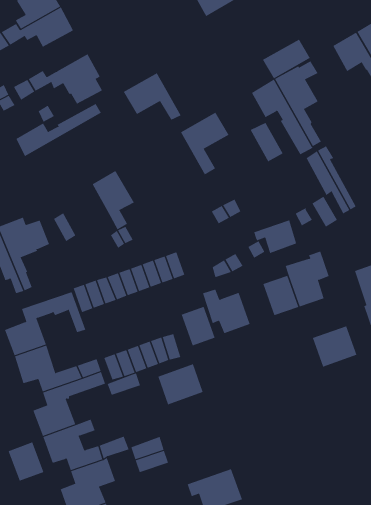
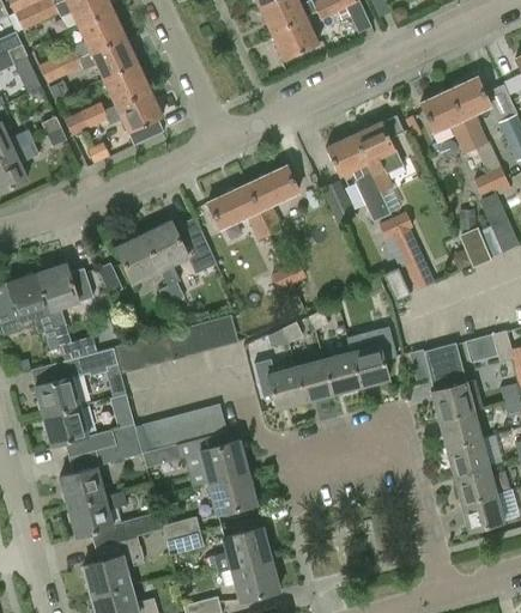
building: none -> [102,63,151,107]
building: [262,39,311,79] -> none
building: [123,73,181,121] -> [206,184,268,238]
building: [15,103,102,157] -> none
building: none -> [180,217,216,273]
building: none -> [115,233,160,284]
building: [253,220,297,254] -> none
building: [181,306,216,346] -> [296,358,332,401]
building: [312,325,357,367] -> none
building: none -> [207,472,258,515]
building: none -> [208,526,272,573]
building: [8,442,44,482] -> none

